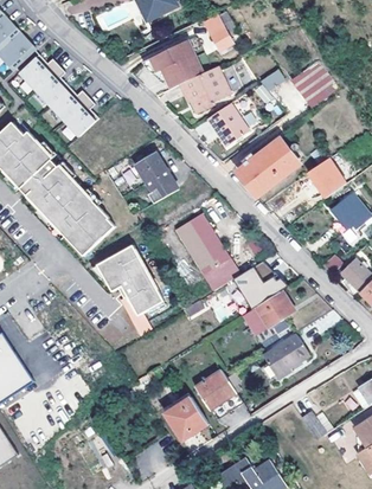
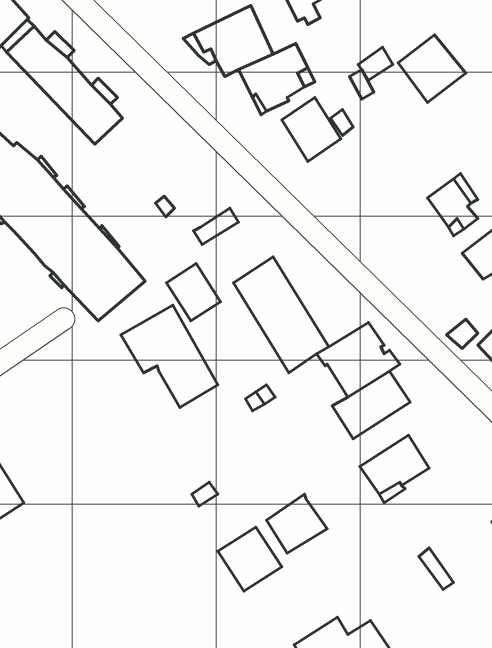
building: [239,139,300,195] -> none
building: [136,153,173,192] -> [167,264,220,321]

